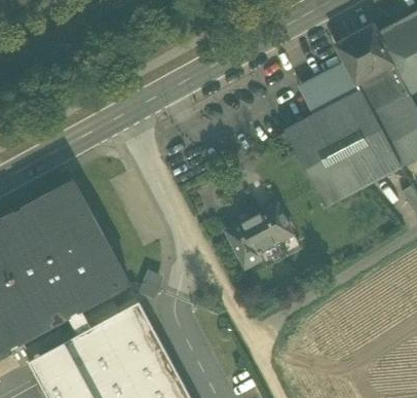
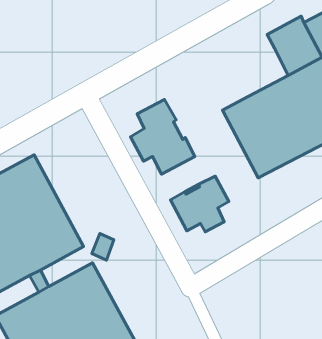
building: [297,61,358,115] -> none
building: none -> [130,99,195,174]

